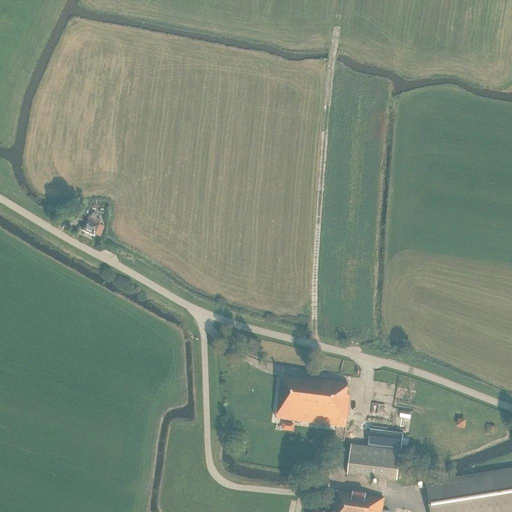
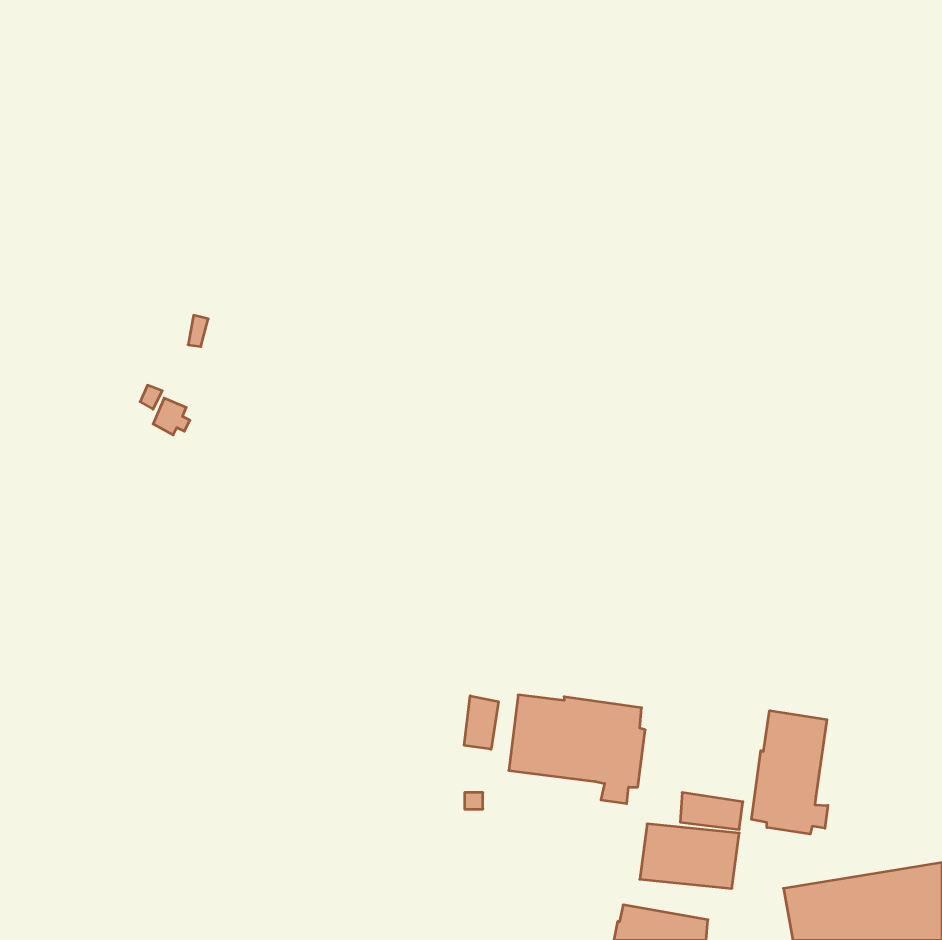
building: none -> [464,696,498,749]
building: none -> [751,711,828,834]

